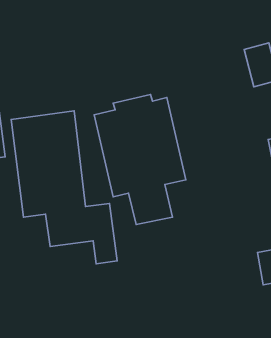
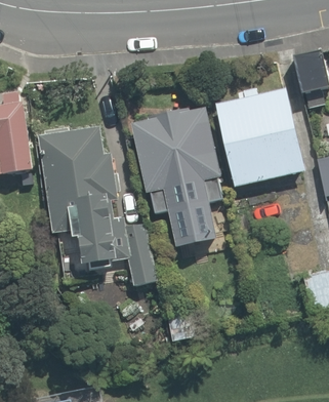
building: none -> [214,83,303,189]

